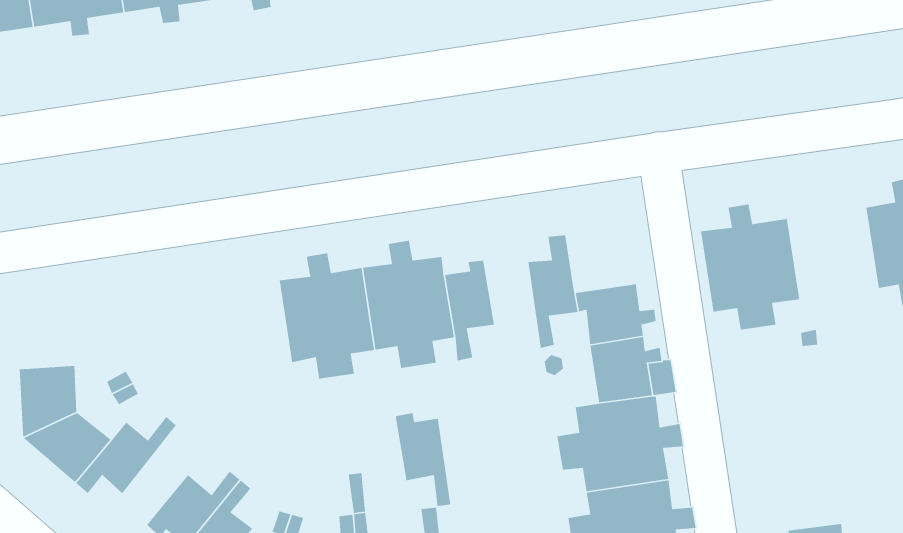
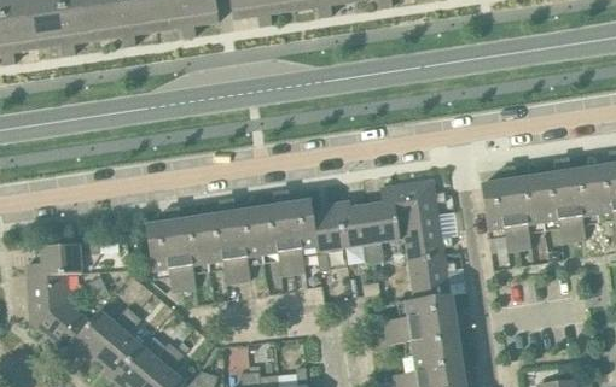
building: none -> [539,156,599,240]
building: none -> [391,178,446,223]
building: none -> [145,204,209,289]
building: none -> [27,241,99,274]
building: [395,412,451,507] -> [337,199,374,262]
building: none -> [97,311,141,377]

